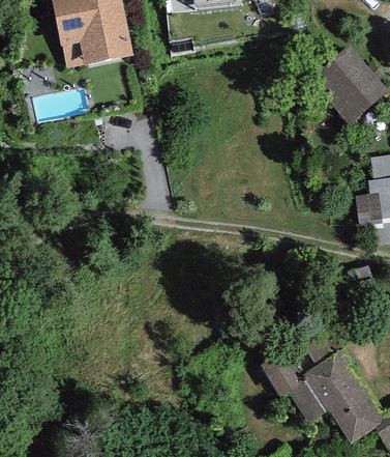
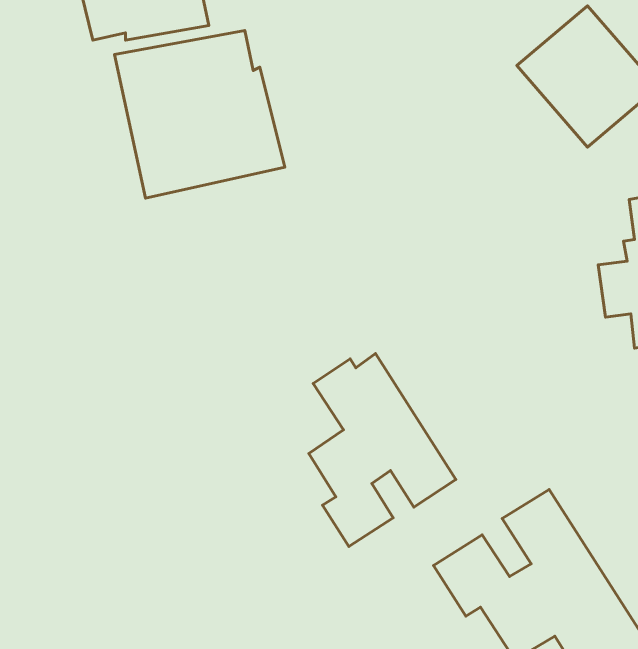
building: none -> [115,31,285,198]
building: none -> [309,353,456,546]

